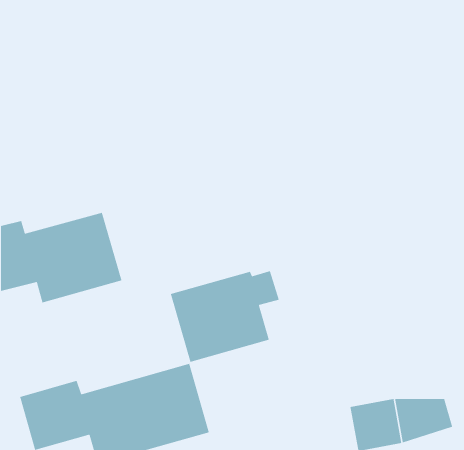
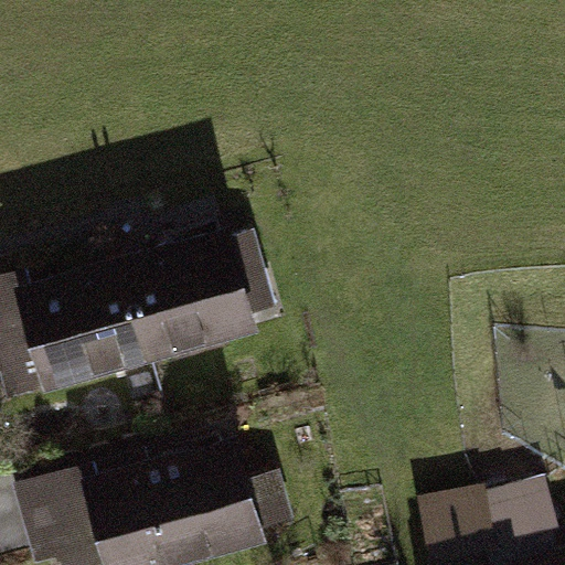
building: [170,270,280,363] -> [125,246,258,359]

